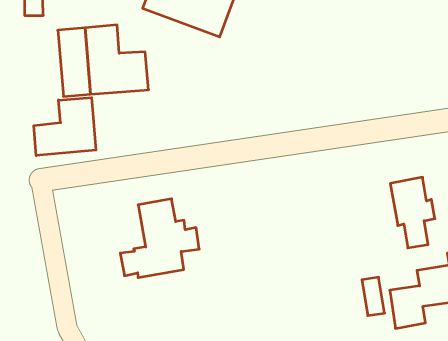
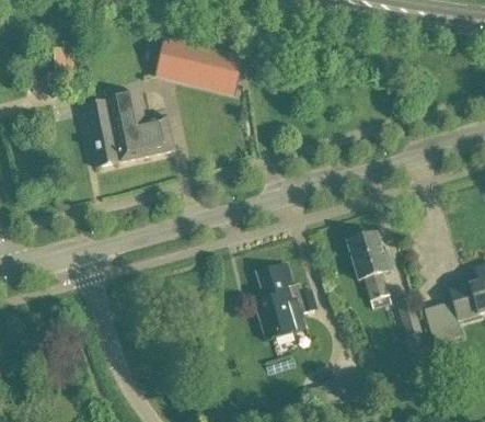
building: [34,98,96,156] -> none
building: [390,177,435,248] -> [346,232,392,300]
building: [120,199,199,278] -> [244,263,317,341]

